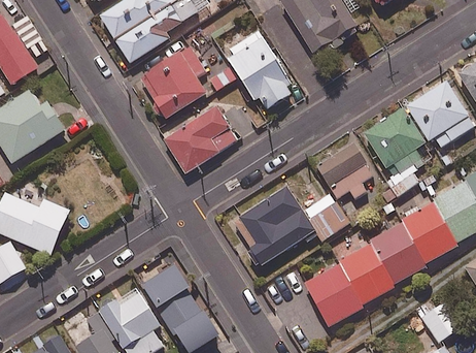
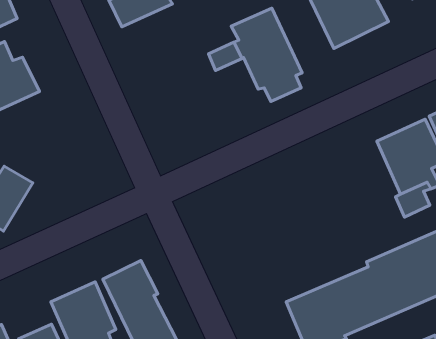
building: [134,43,202,117] -> none
building: [161,101,235,169] -> none
building: [317,142,373,200] -> none
building: [232,187,349,266] -> none

